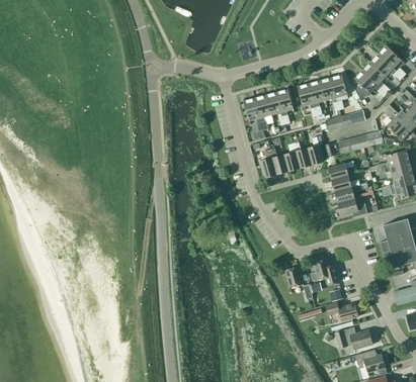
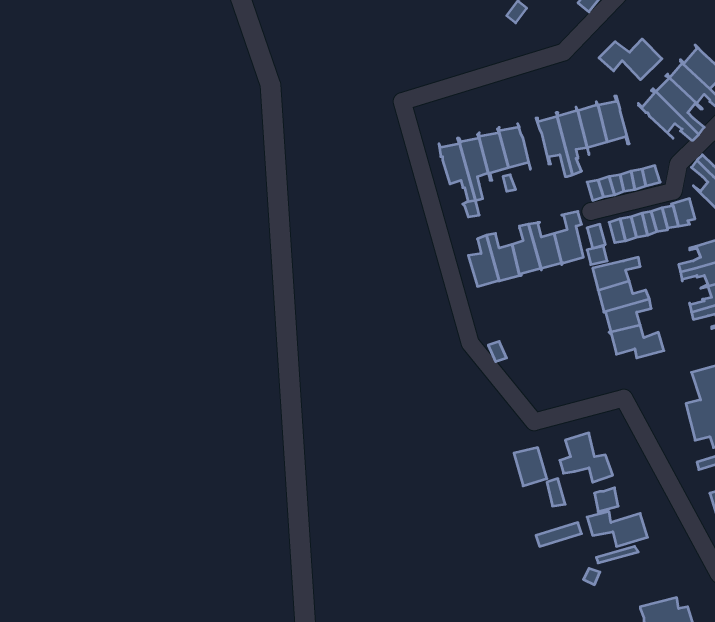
building: none -> [599,39,662,80]
building: [335,327,373,350] -> none

